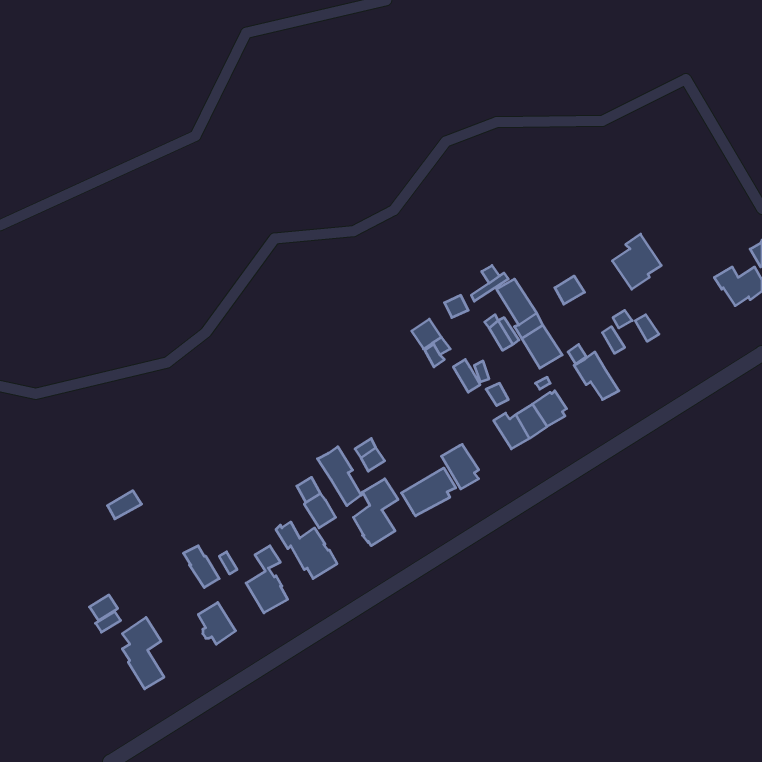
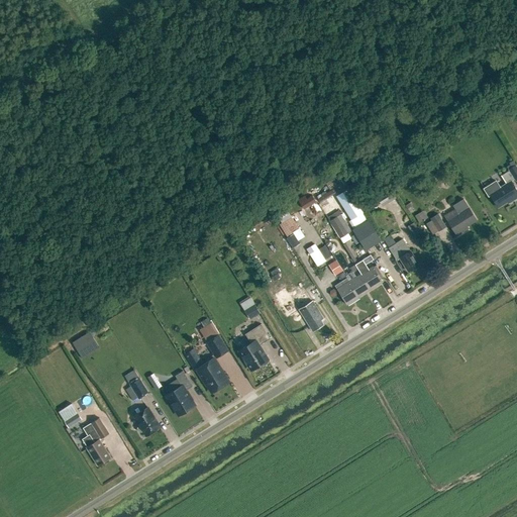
building: [612,234,661,289] -> [443,198,477,235]
building: [317,447,361,506] -> none
building: [401,468,456,516] -> none

